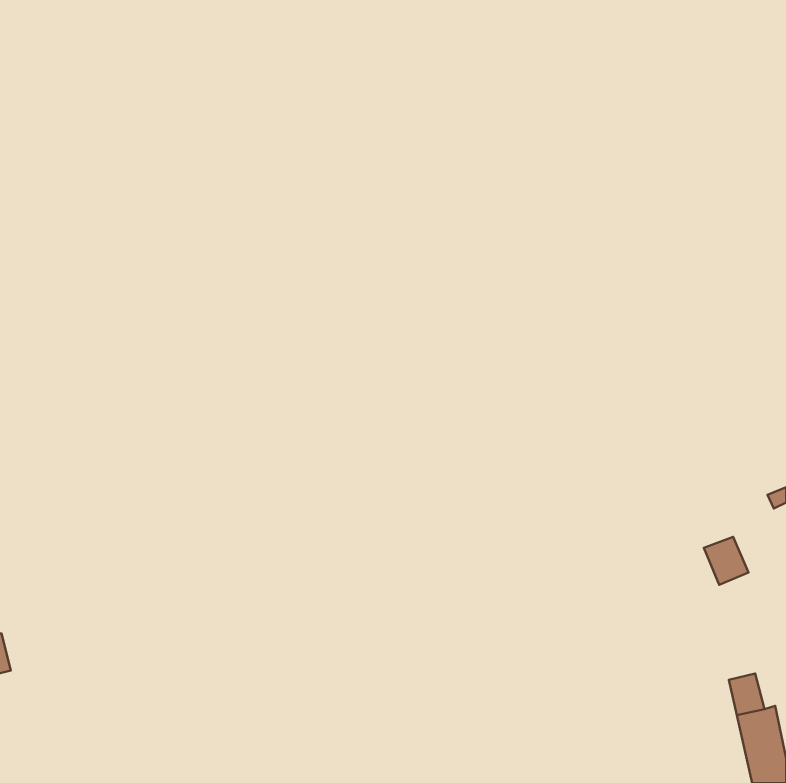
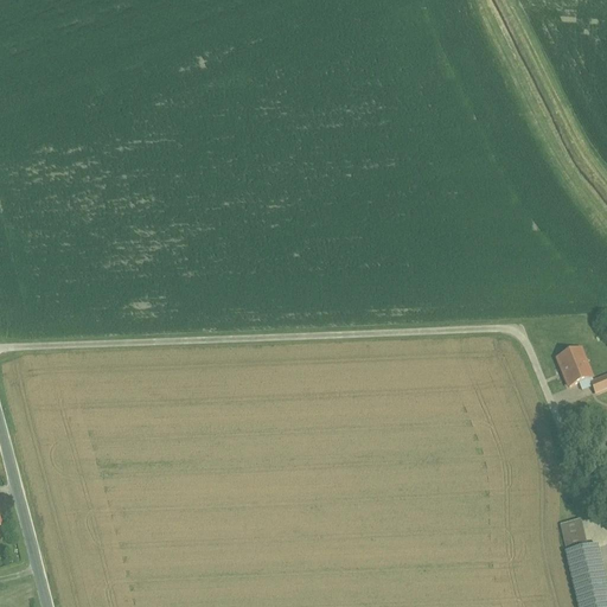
building: [704,537,749,585] -> [557,349,592,385]

